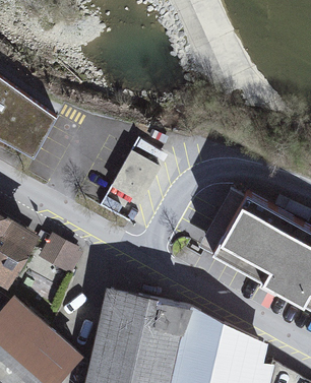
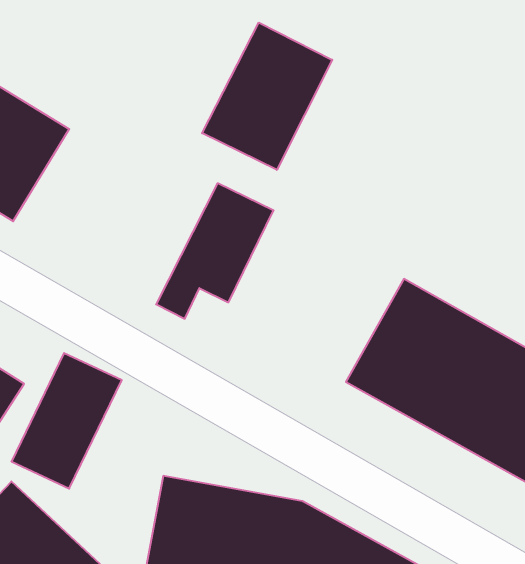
building: none -> [202,23,332,170]

